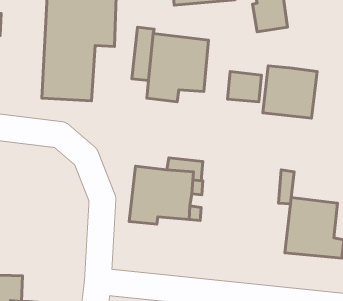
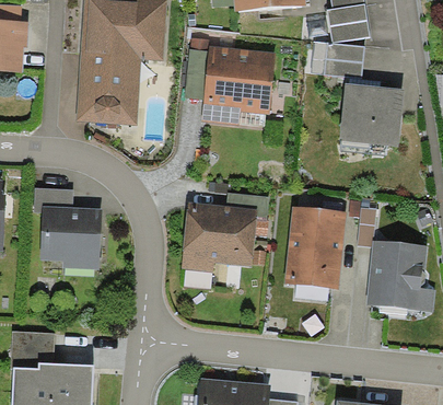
building: [227,71,261,102] -> [324,43,364,79]
building: none -> [32,184,96,264]
building: none -> [284,207,346,289]

